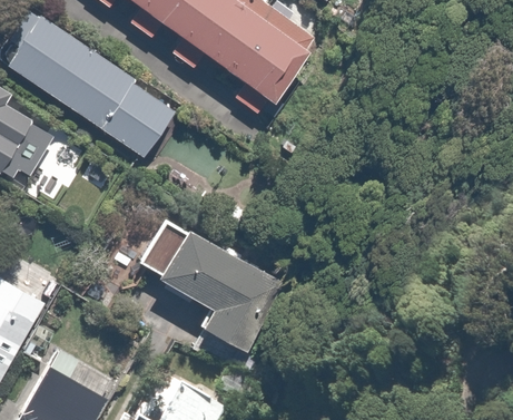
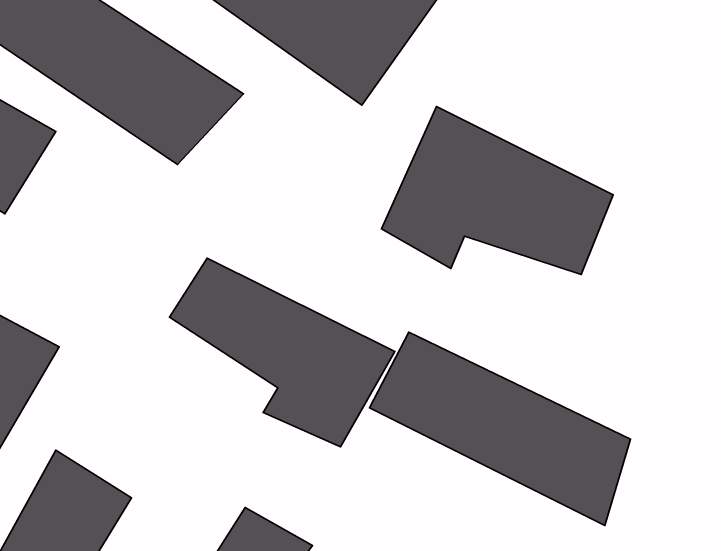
building: none -> [381,107,613,274]
building: none -> [370,332,631,525]

